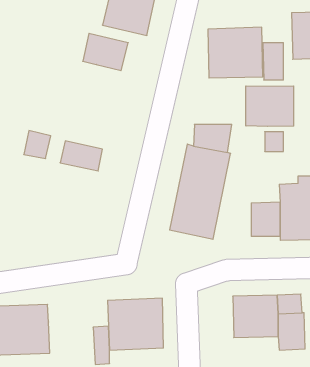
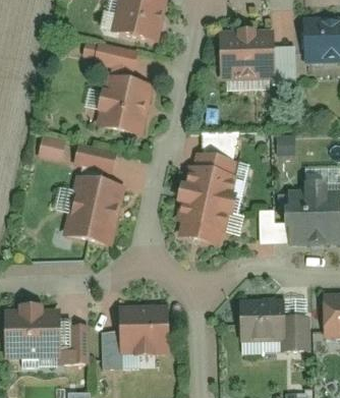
building: none -> [96,70,157,133]
building: [246,86,294,126] -> none
building: none -> [59,176,124,249]
building: none -> [61,323,92,363]

